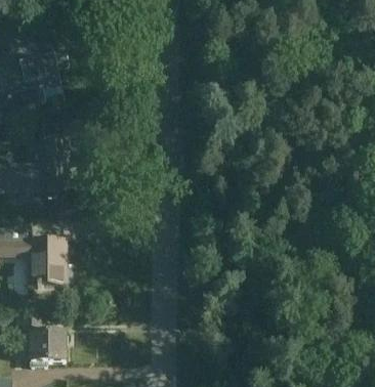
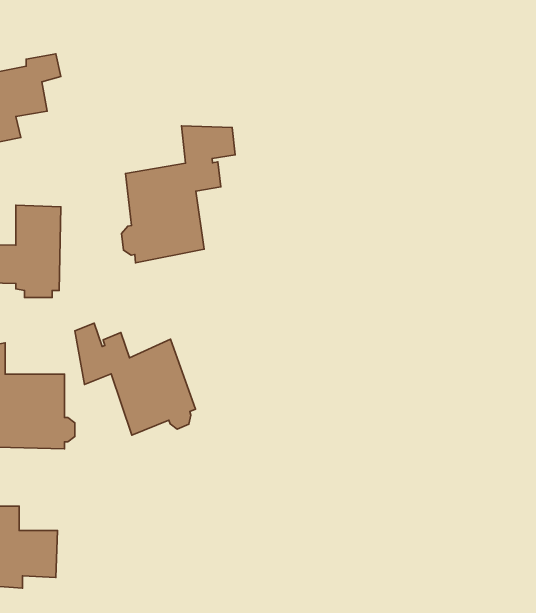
building: none -> [122,126,235,263]
building: none -> [75,323,196,435]

